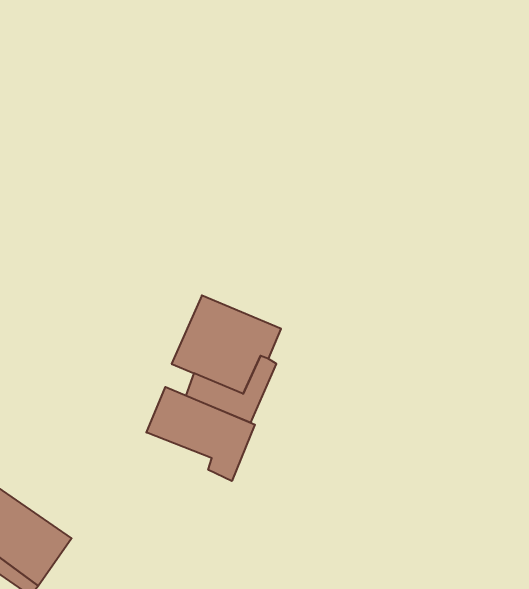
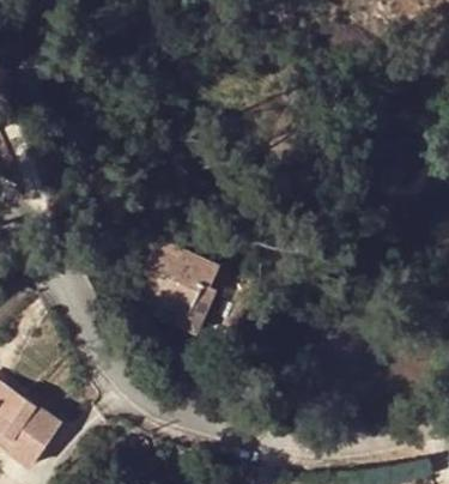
building: [146,387,255,481] -> none

